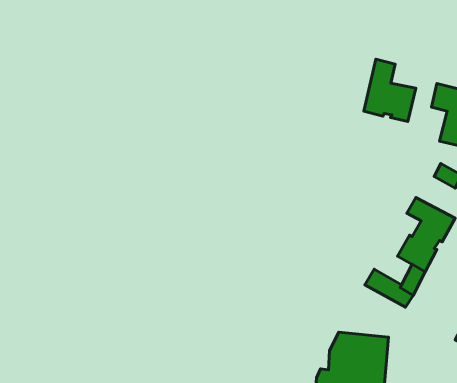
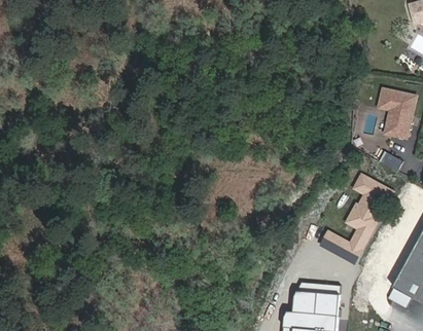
building: [364,59,416,121] -> none

